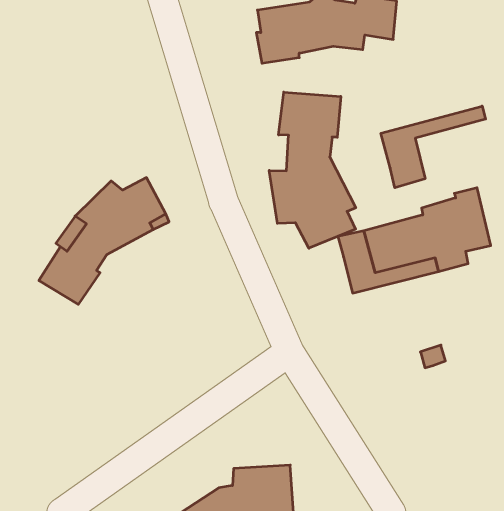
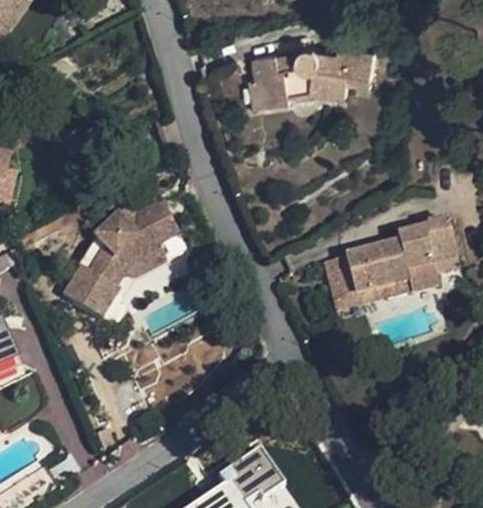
building: [269,92,356,248] -> none
building: [381,106,486,188] -> none

